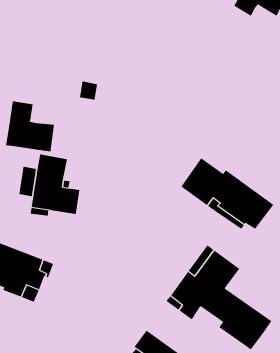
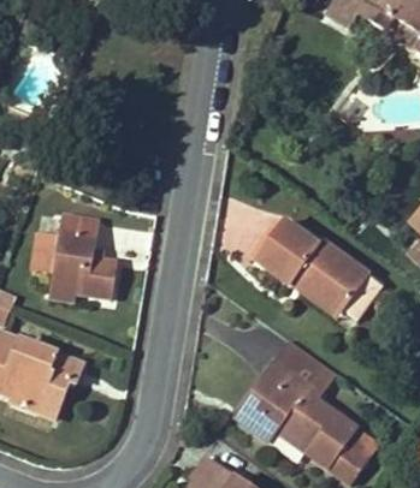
building: [5,100,54,152] -> none

